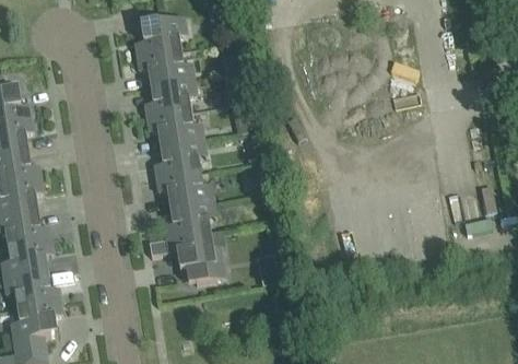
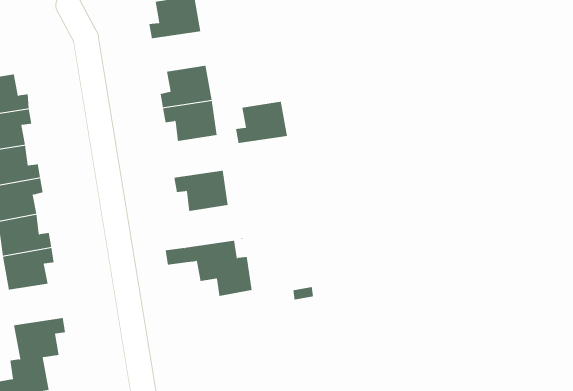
building: [137,48,185,83] -> none
building: [154,139,200,176] -> [235,101,288,144]
building: [164,200,210,237] -> none
building: [12,269,60,305] -> none

